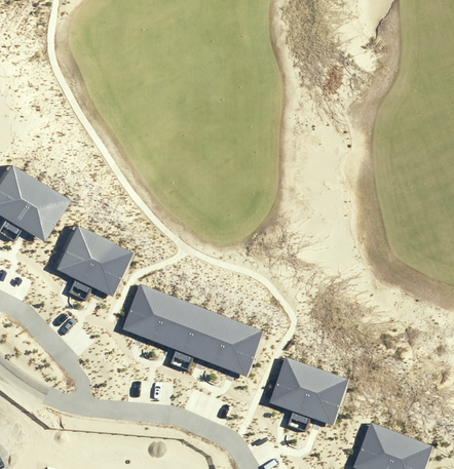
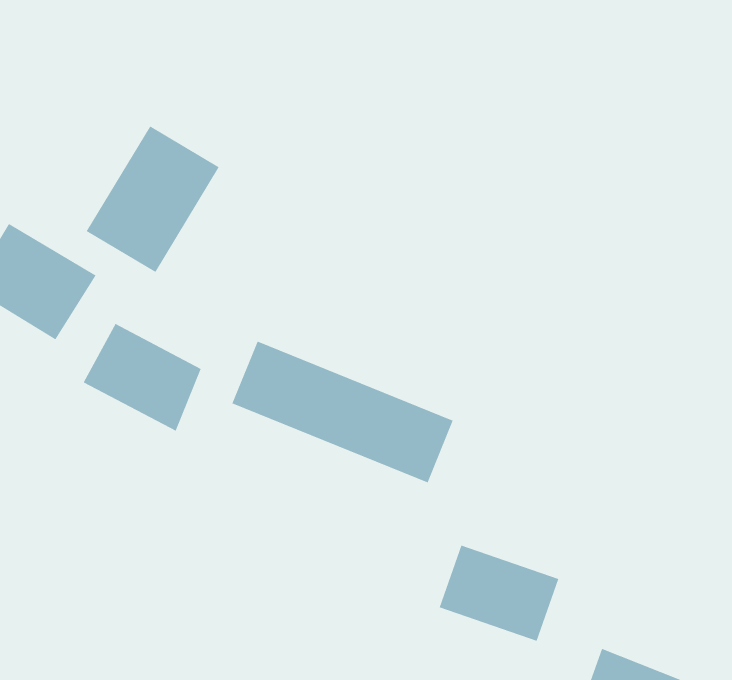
building: none -> [86,125,220,273]
building: [126,288,261,375] -> [232,341,454,483]

